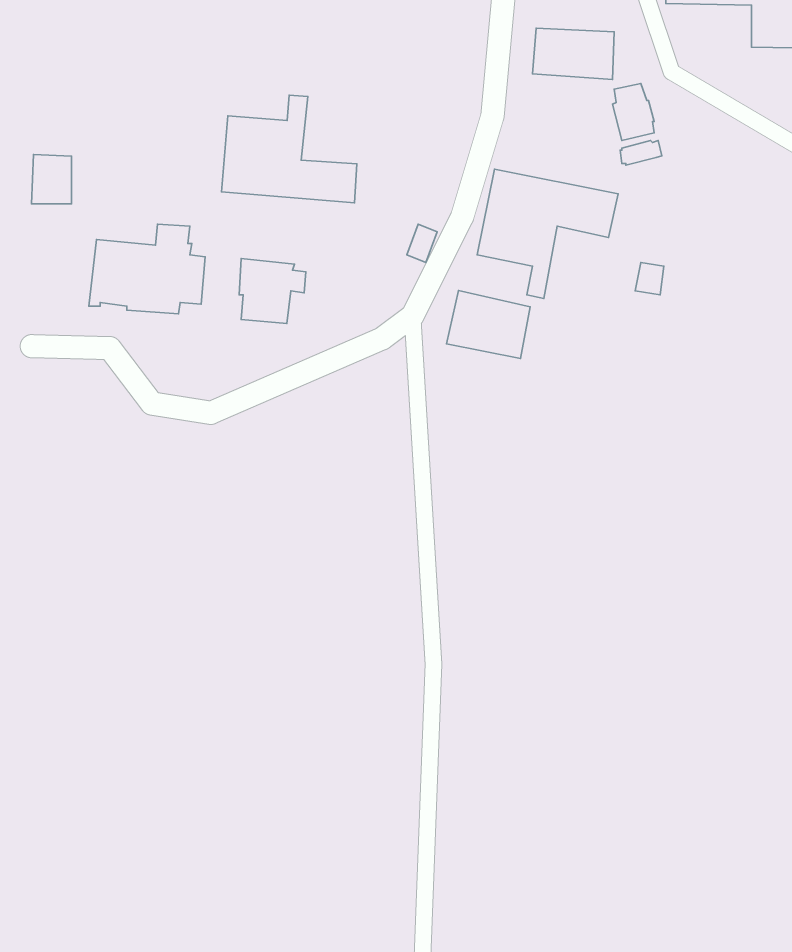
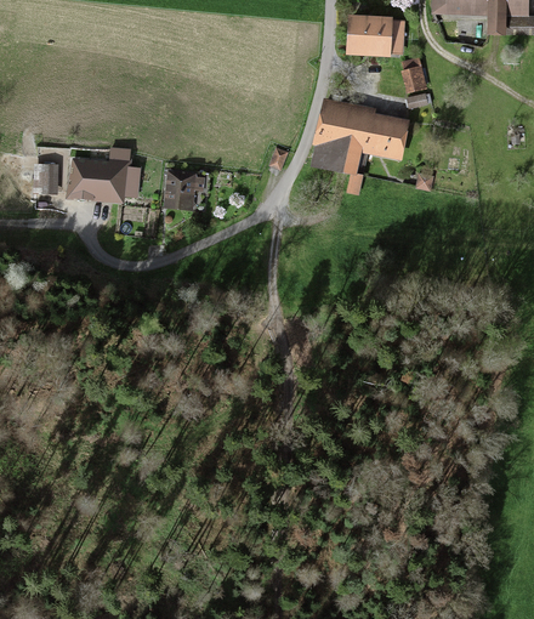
building: [221,95,357,203] -> none
building: [32,154,71,204] -> [32,161,57,193]
building: [447,291,530,359] -> none

